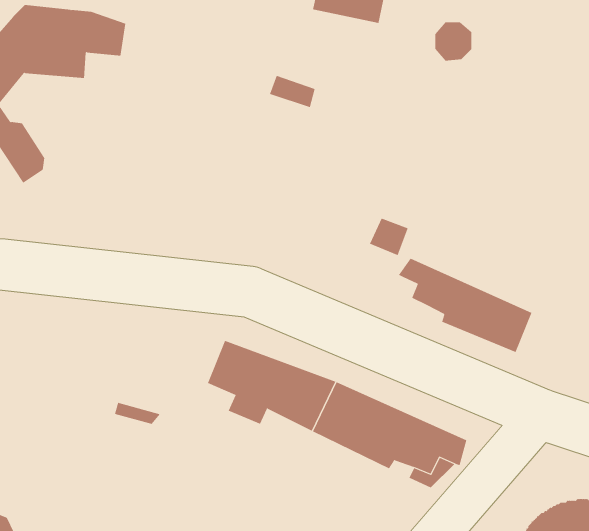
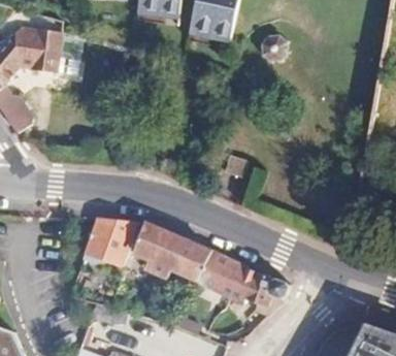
building: [398,258,532,353] -> none
building: none -> [79,220,133,267]

